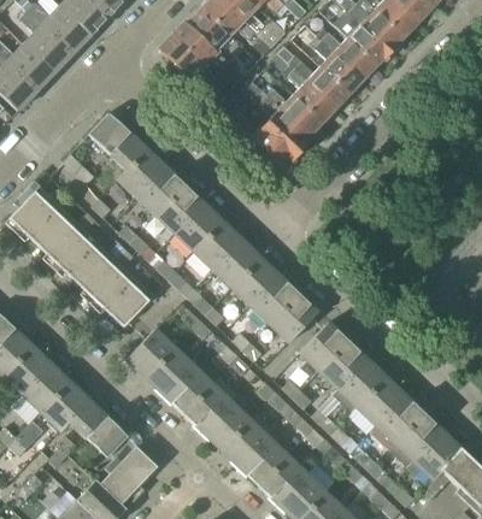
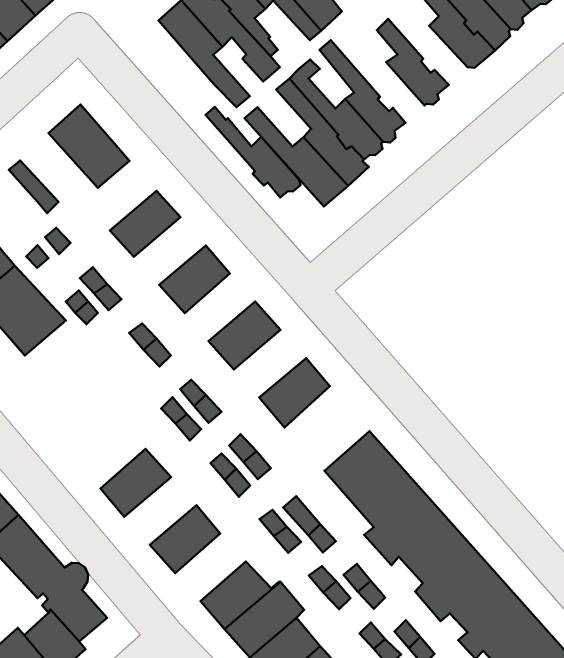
building: [317,26,376,77] -> none
building: [280,47,349,106] -> [206,107,300,197]
building: [117,148,167,197] -> none
building: [155,184,205,232] -> none
building: [194,220,242,269] -> none
building: [231,256,281,305] -> none
building: [86,263,149,326] -> none
building: [270,293,318,342] -> none
building: [127,328,175,377] -> none
building: [164,365,213,413] -> none
building: [202,401,251,449] -> none

